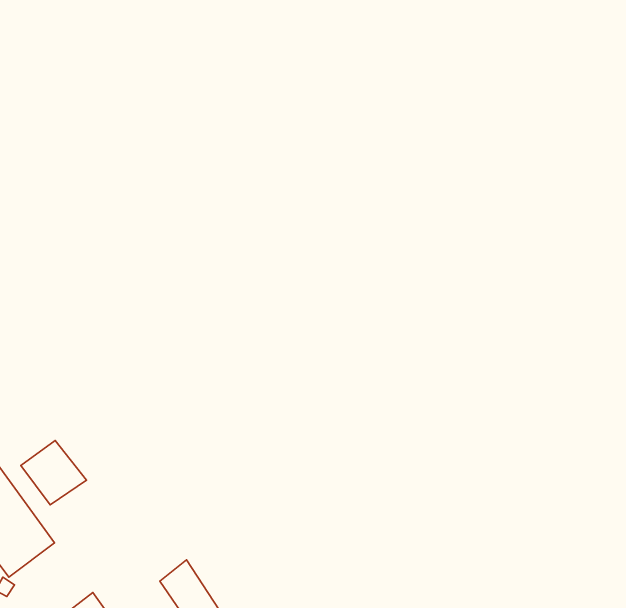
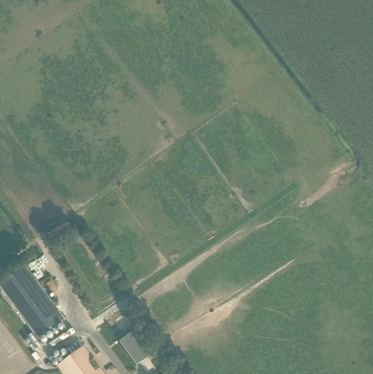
building: [21,441,87,505] -> none

